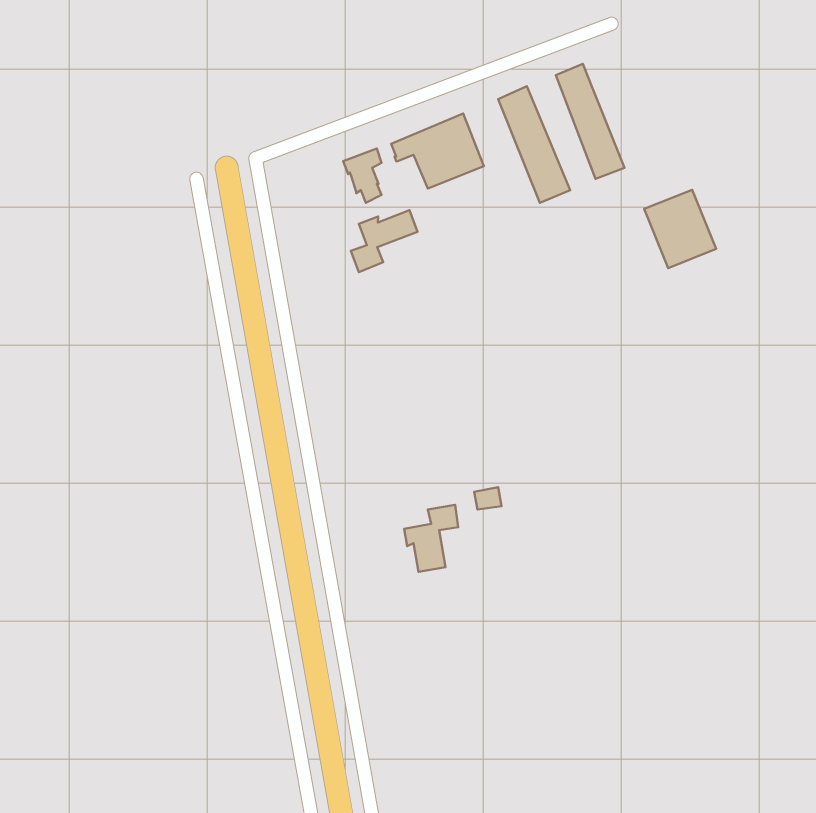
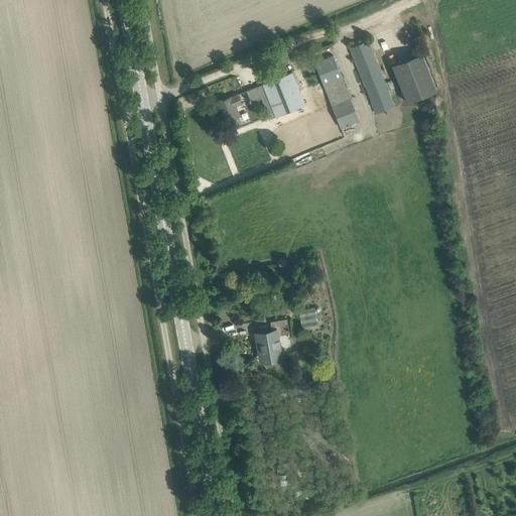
building: [644,190,716,268] -> [391,54,436,104]
building: [351,210,418,272] -> none

